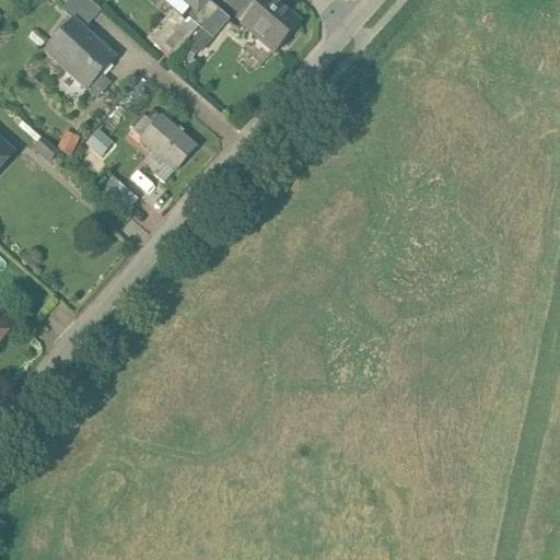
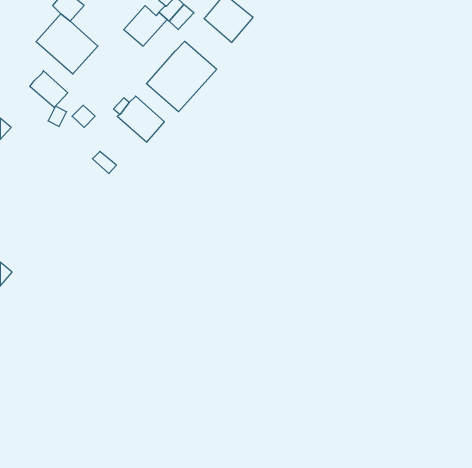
building: none -> [146,41,217,112]
building: none -> [30,71,68,108]

